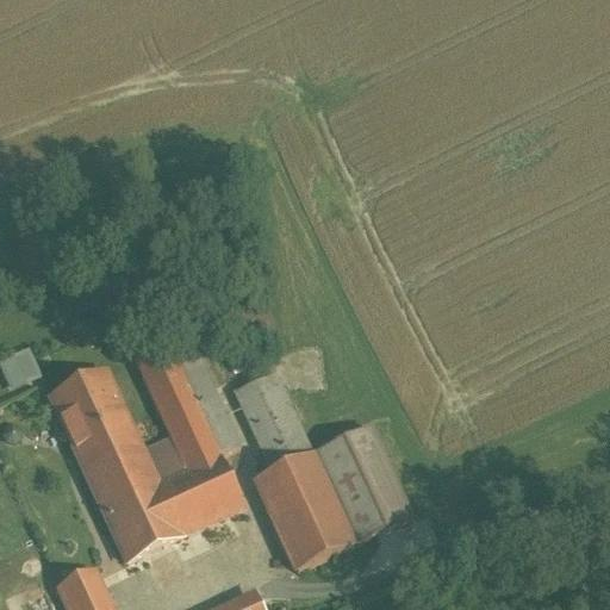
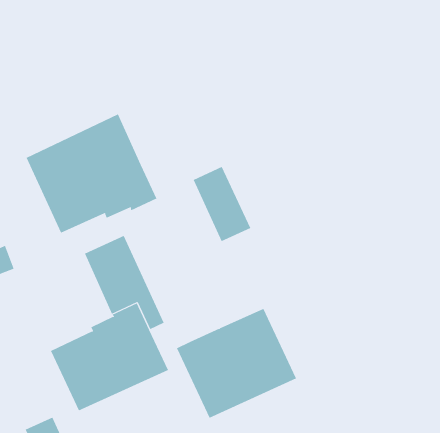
building: none -> [26,113,157,233]
building: [49,369,144,483] -> none
building: [234,372,310,471] -> [193,166,251,242]

